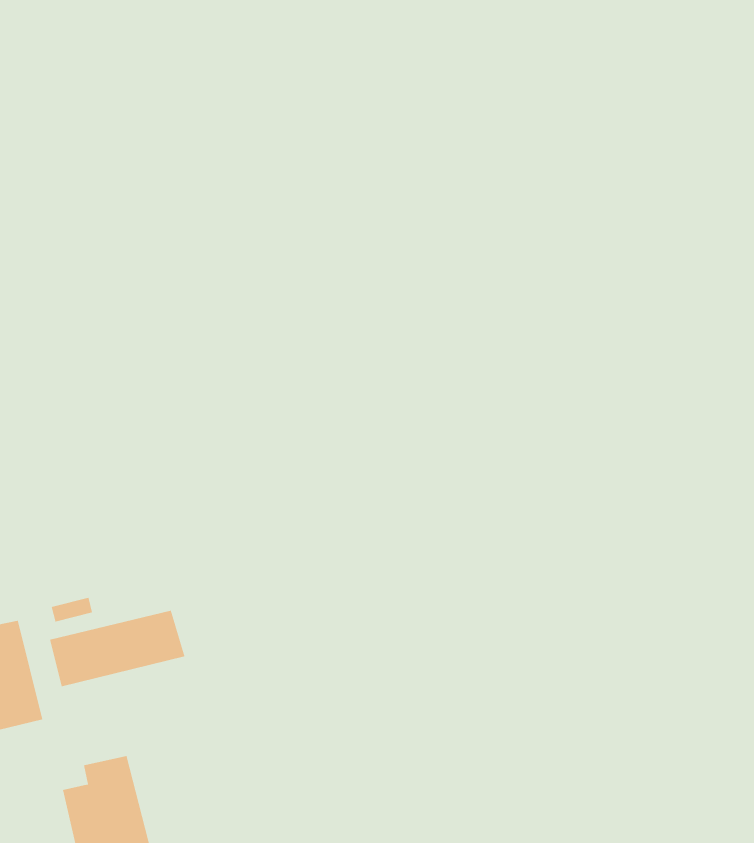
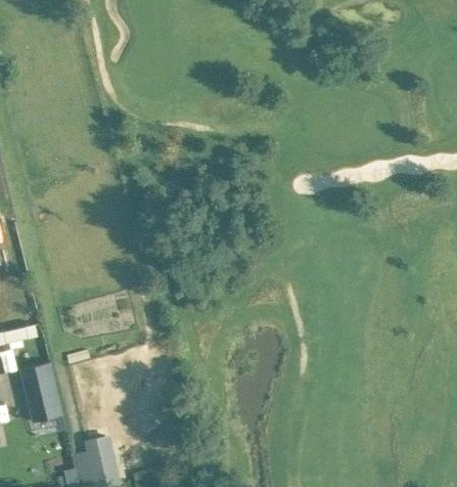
building: [49,610,185,687] -> none

